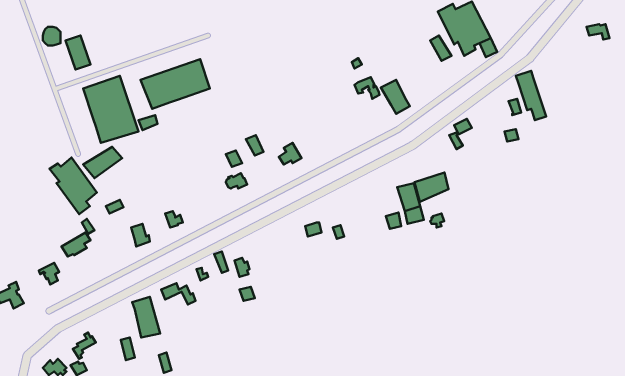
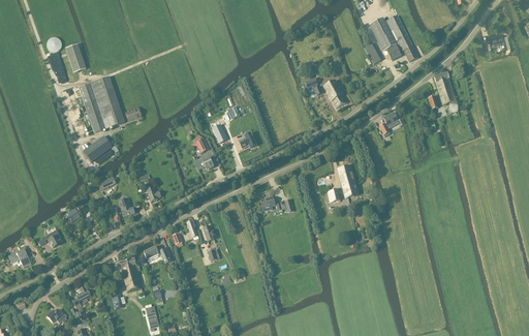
building: [140,59,210,109] -> none
building: [50,158,97,214] -> none
building: [415,173,448,202] -> none

